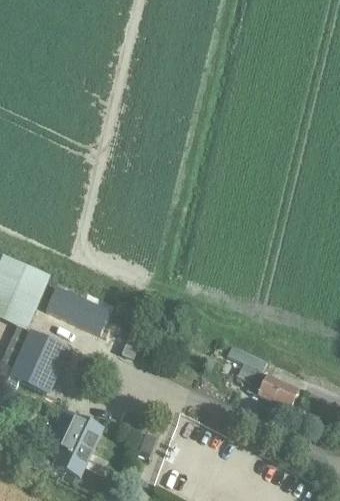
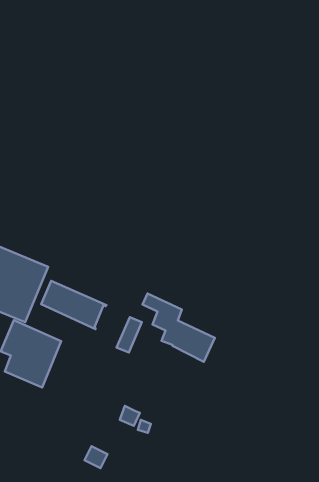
building: [227,344,299,412] -> [142,293,215,362]
building: [53,408,102,476] -> none

